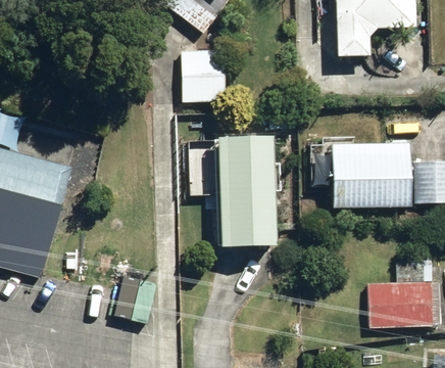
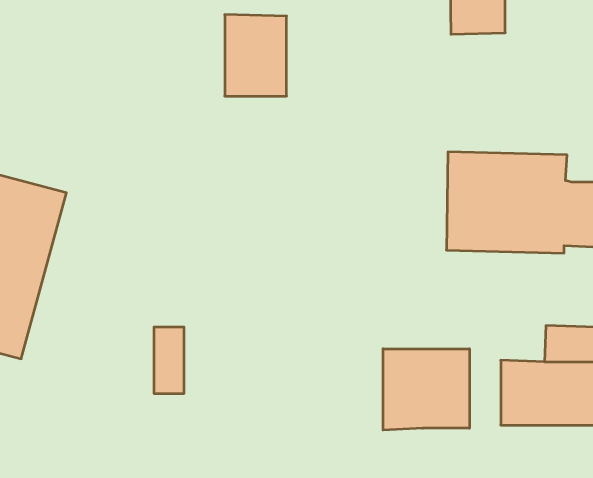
building: [187,131,282,246] -> none
building: none -> [383,349,469,430]

